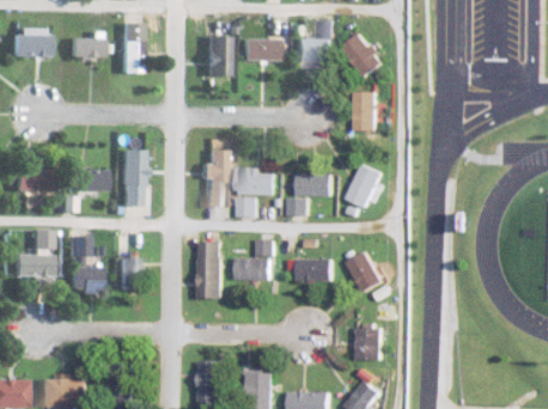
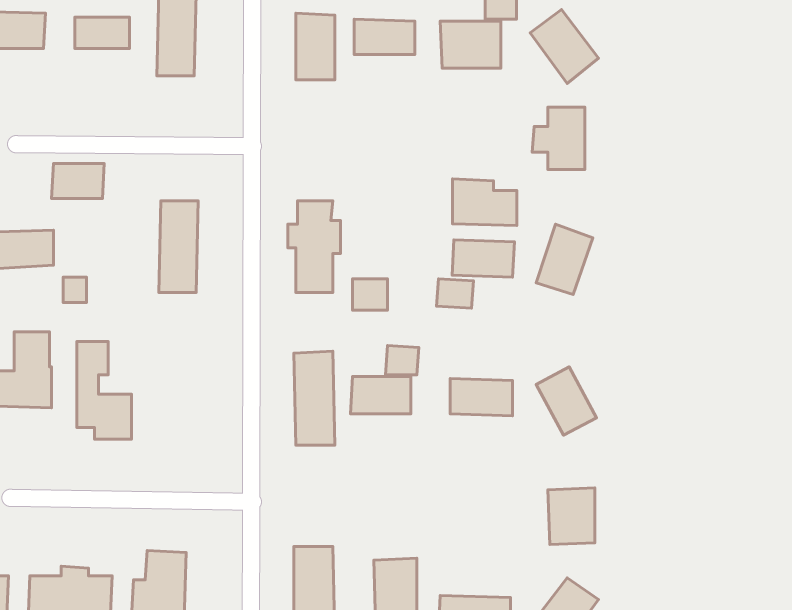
building: [242,166,281,195] -> [452,179,517,226]
building: [77,169,109,190] -> [52,163,104,199]
building: [121,257,142,291] -> none

